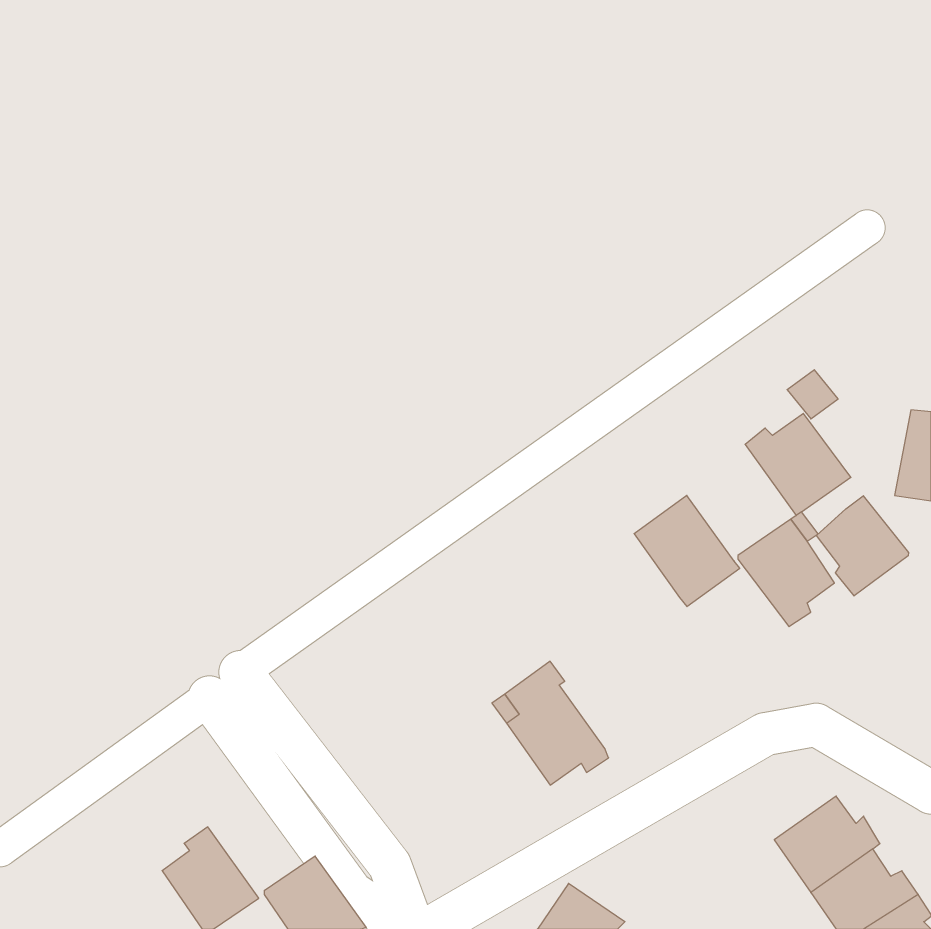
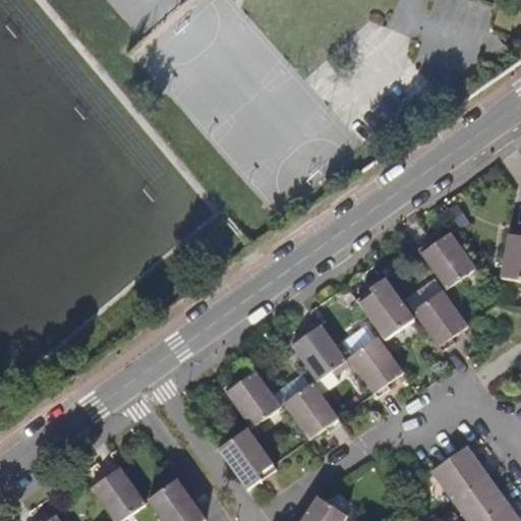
building: [816,496,908,596] -> none
building: none -> [290,319,344,381]
building: none -> [348,335,402,397]
building: none -> [222,369,280,426]
building: none -> [219,429,275,488]

